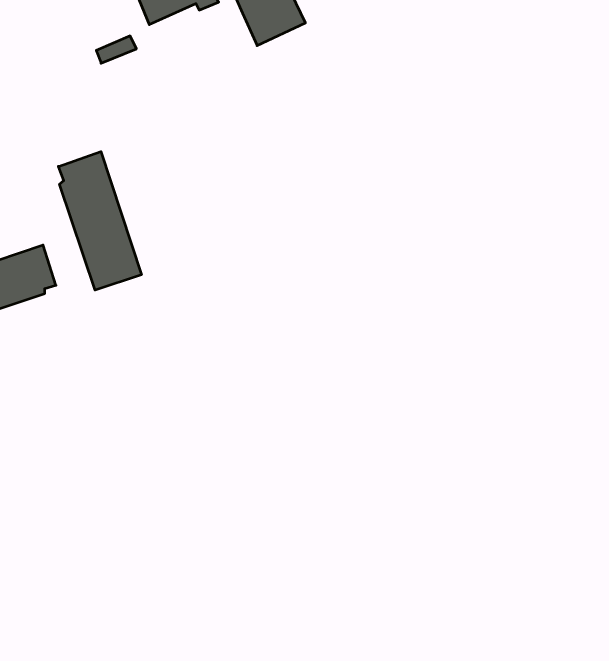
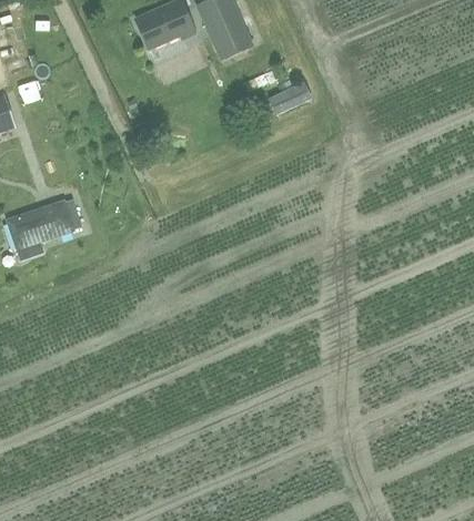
building: none -> [269,84,310,115]
building: [58,152,141,290] -> none

